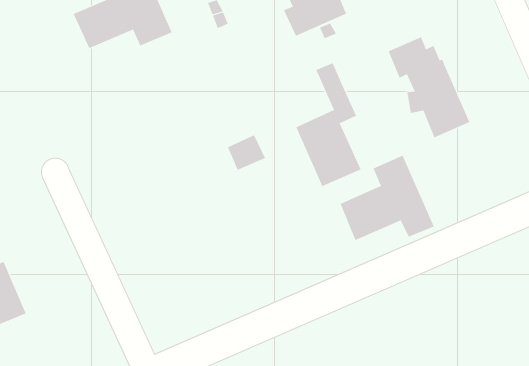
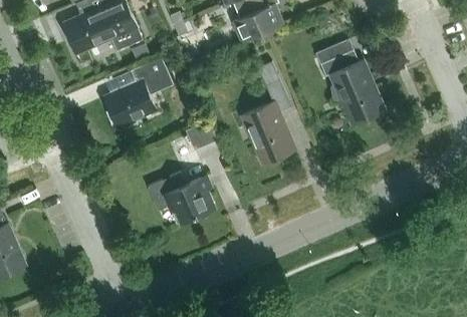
building: none -> [103,57,173,126]
building: [340,155,434,241] -> none
building: none -> [148,172,215,223]

